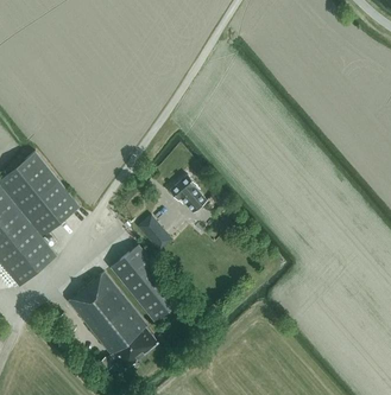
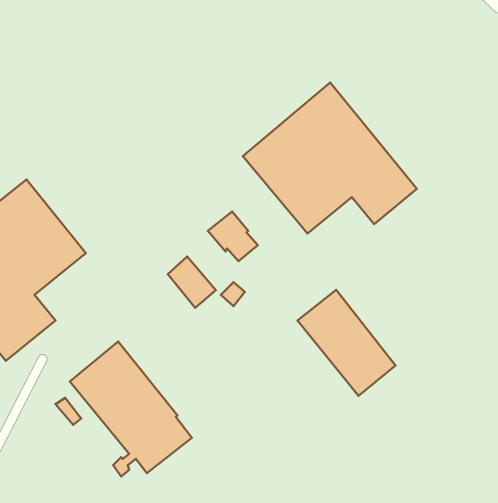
building: none -> [243,83,417,234]
building: [109,244,182,323] -> [298,290,395,396]

